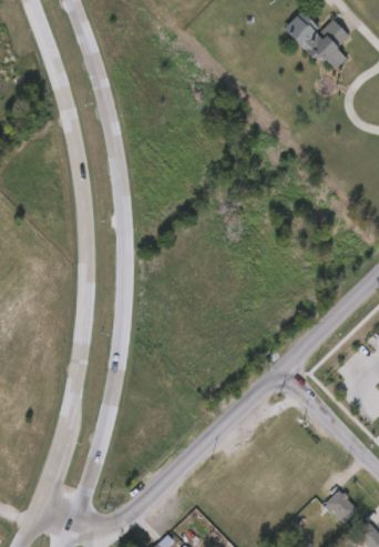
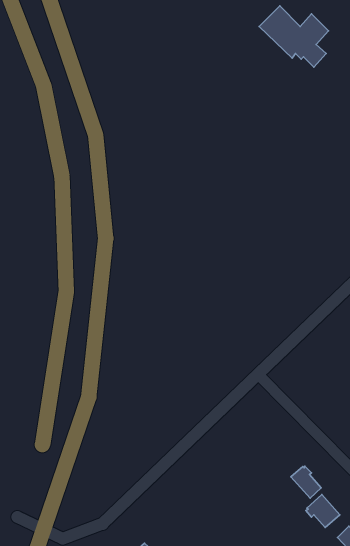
building: none -> [291,466,321,498]

